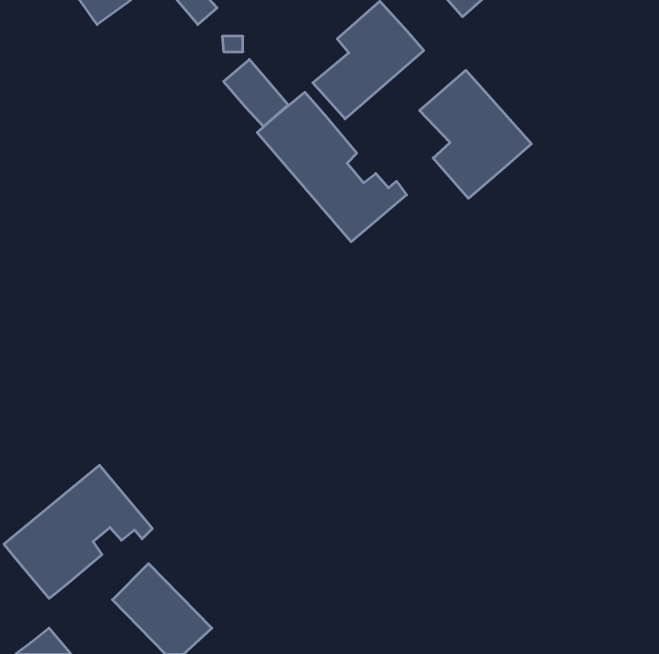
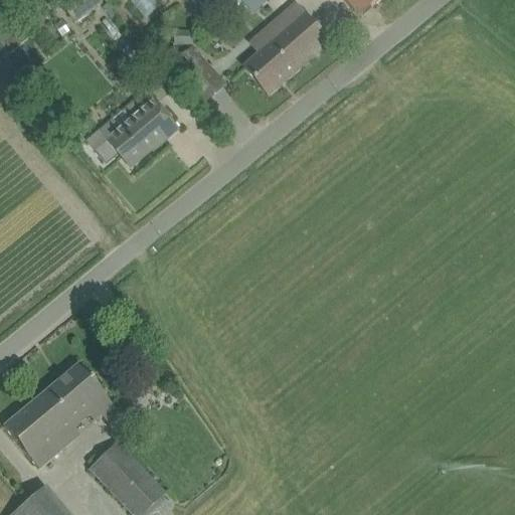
building: [420,70,531,198] -> none
building: [257,92,407,242] -> none
building: none -> [88,96,180,165]

